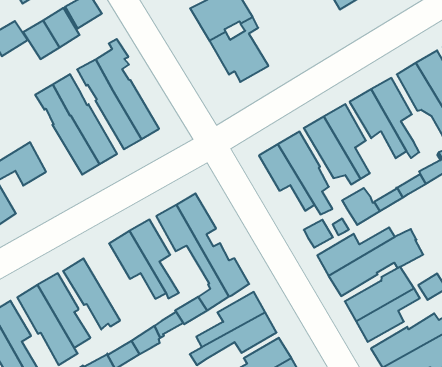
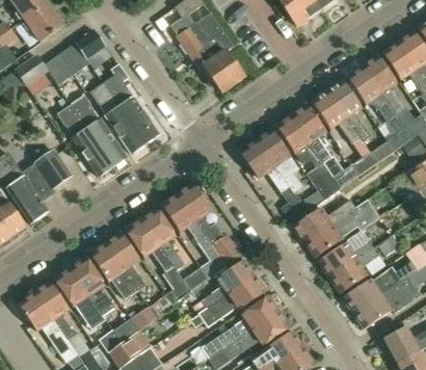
building: none -> [106,232,148,290]

